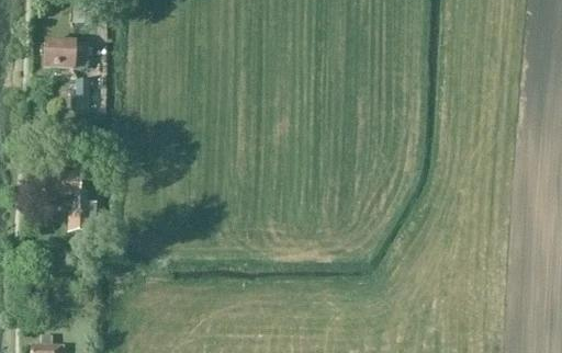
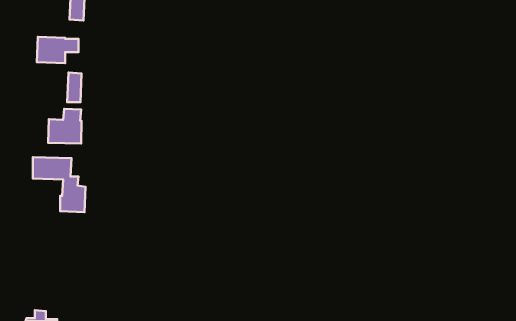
building: none -> [48,109,82,144]

